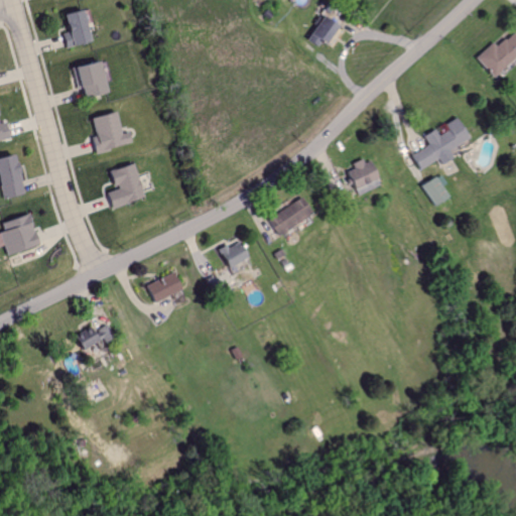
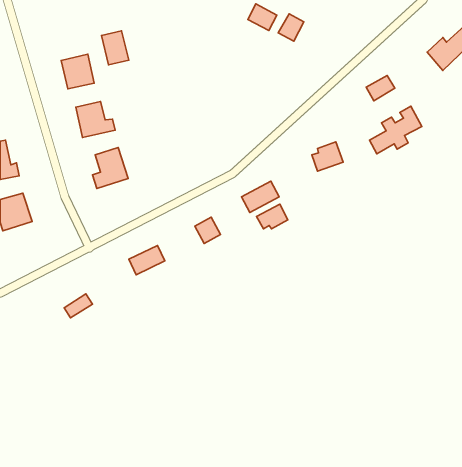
building: none -> [248,4,277,30]
building: [60,9,91,46] -> [101,31,129,65]
building: none -> [366,75,395,101]
building: [423,175,450,205] -> none
building: none -> [257,204,288,229]

